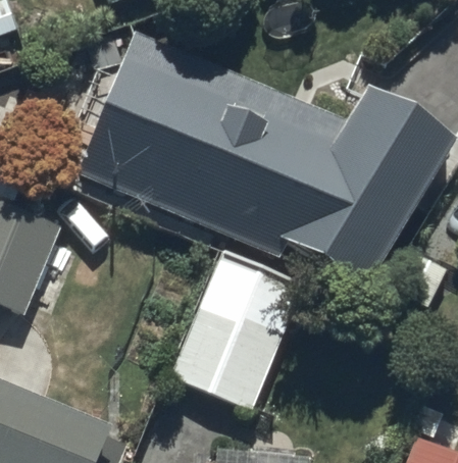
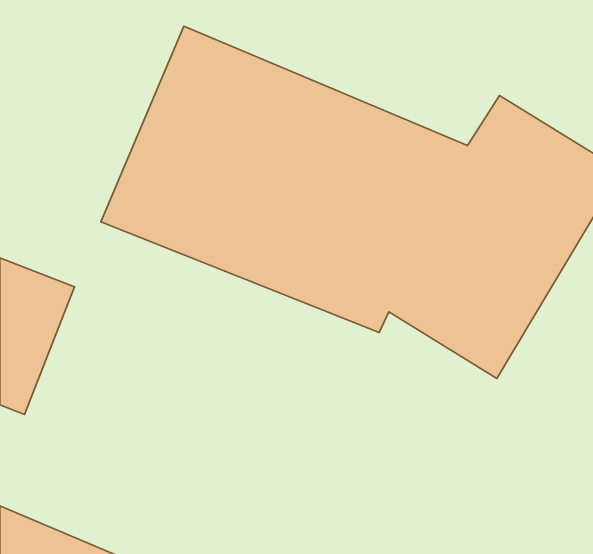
building: [170,249,302,407] -> none

